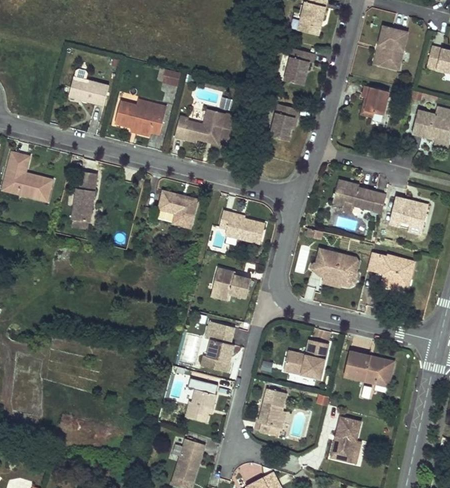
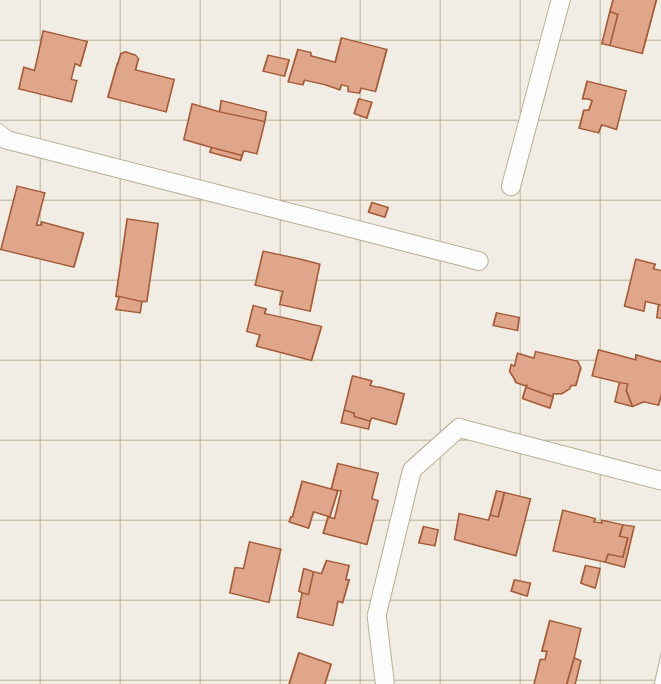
building: [284,47,313,84] -> none
building: none -> [19,31,87,102]
building: [269,103,299,141] -> none
building: [174,109,235,143] -> [288,38,387,93]
building: [332,179,386,213] -> none
building: [220,211,266,245] -> [247,306,321,361]
building: none -> [230,542,281,603]
building: [256,388,286,436] -> none

